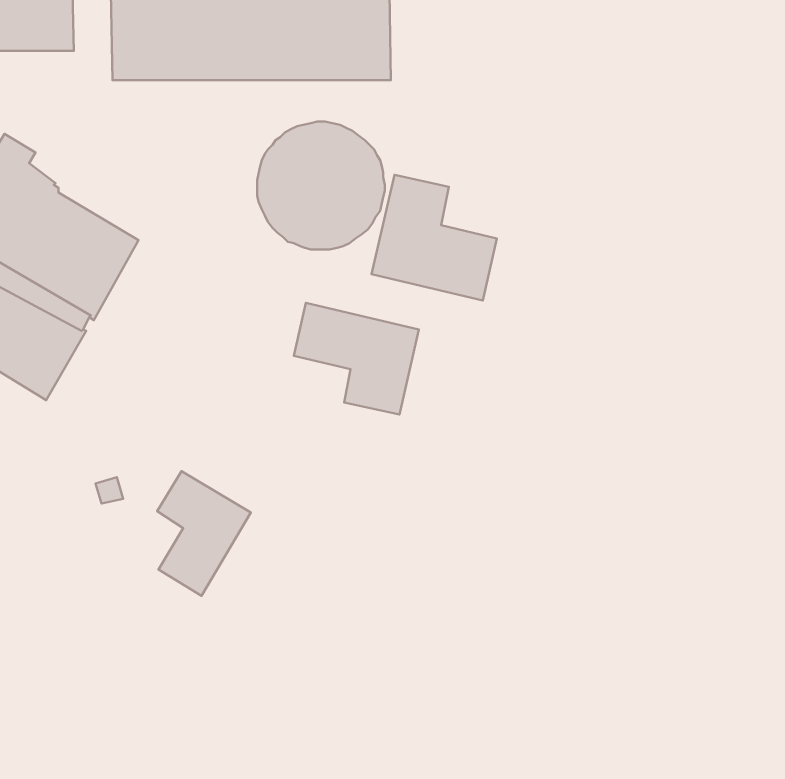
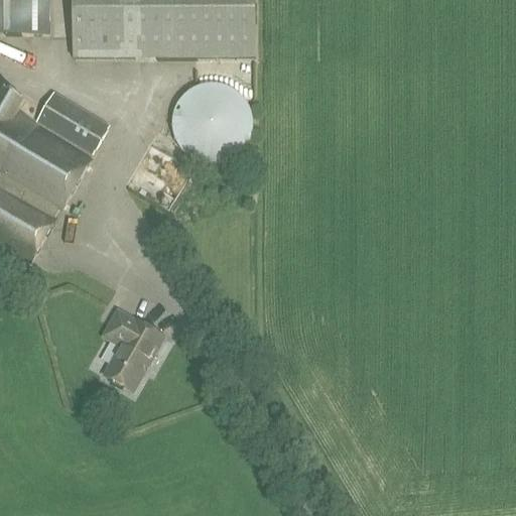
building: none -> [35,91,110,154]
building: [372,175,497,300] -> none
building: [294,303,419,415] -> none

